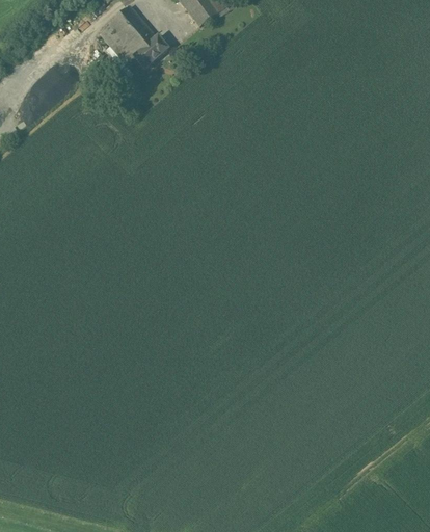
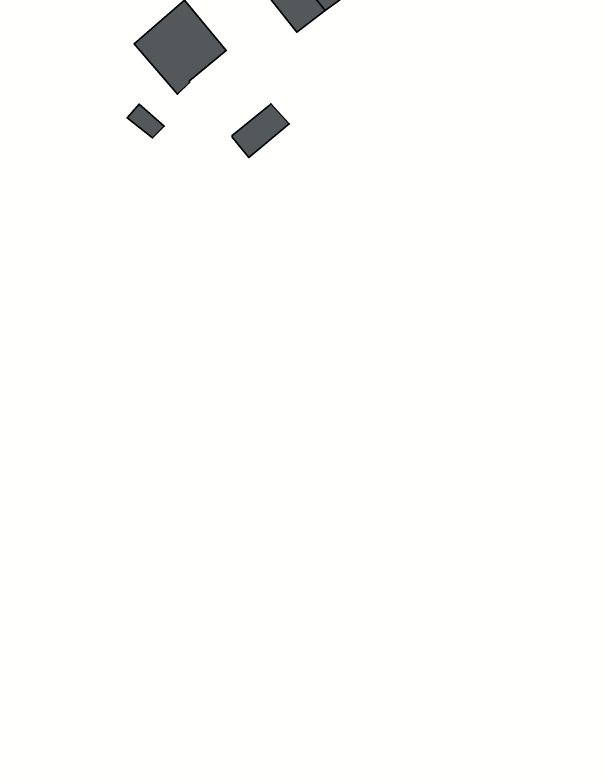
building: [133,35,168,69] -> [232,104,289,157]

